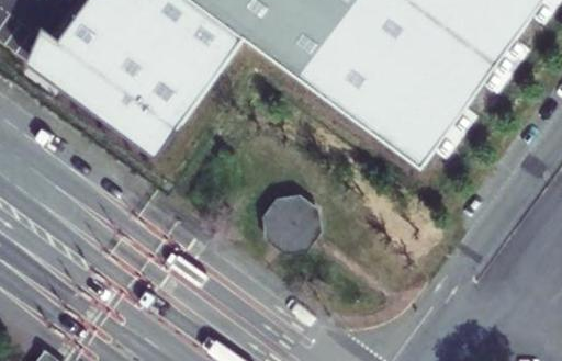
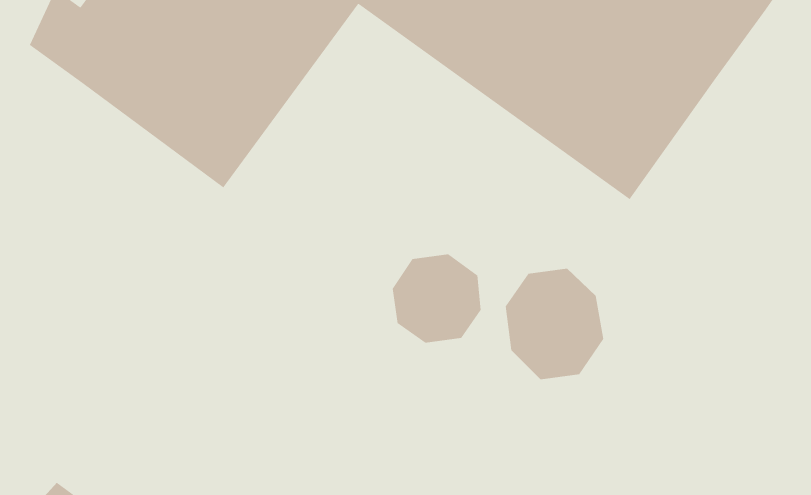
building: none -> [505,268,604,380]

